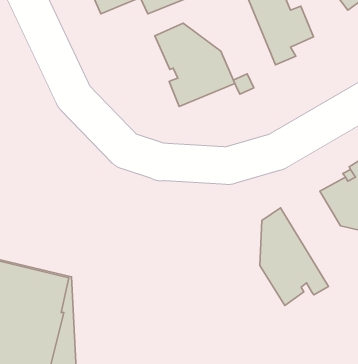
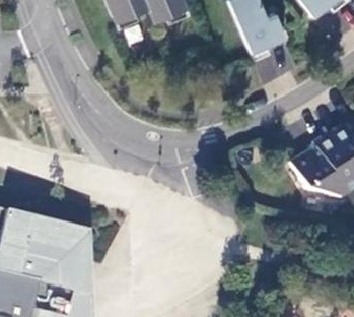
building: [155,23,235,106] -> none
building: [260,208,329,305] -> none

